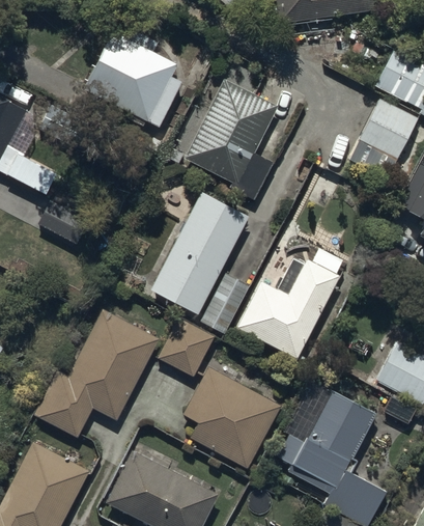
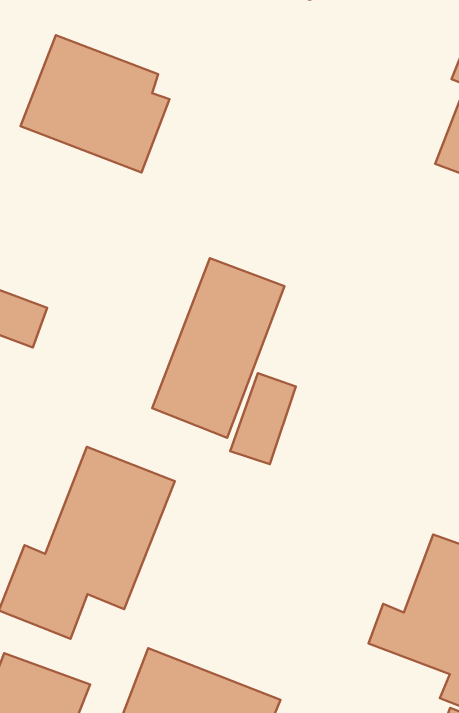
building: [182,78,276,195] -> none
building: [236,259,339,359] -> none
building: [158,321,214,378] -> none
building: [176,366,281,470] -> none

